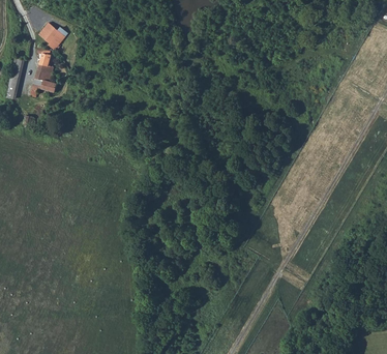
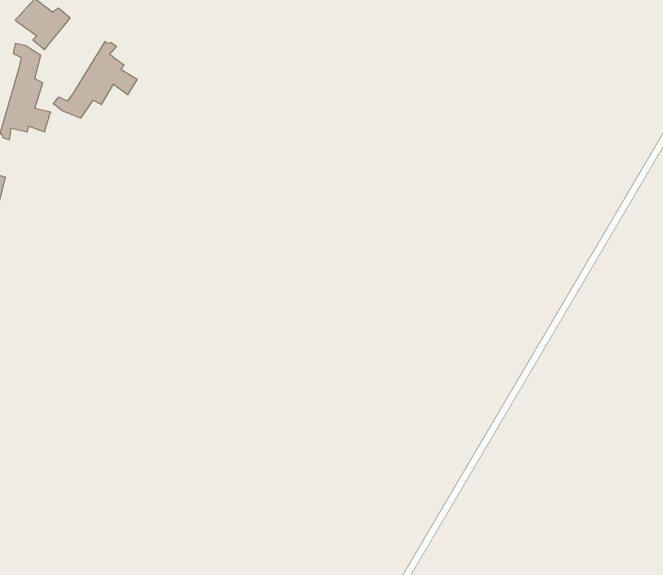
building: none -> [53,41,137,118]

